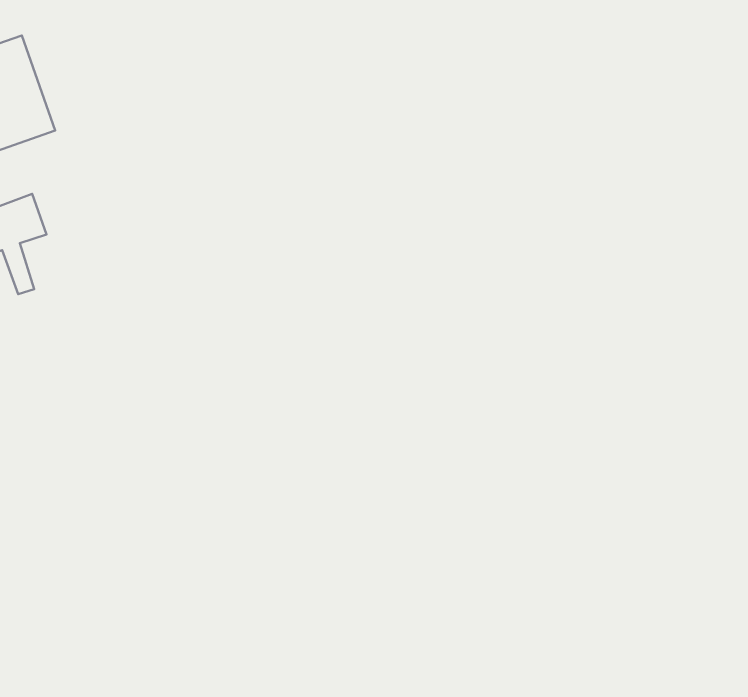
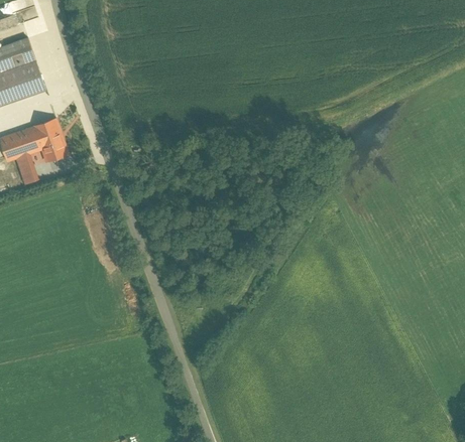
building: none -> [33,119,69,162]

